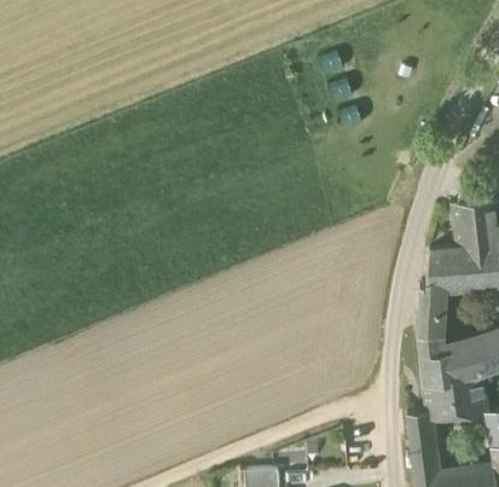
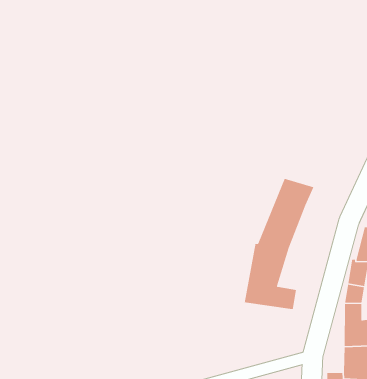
building: none -> [244,178,315,310]

